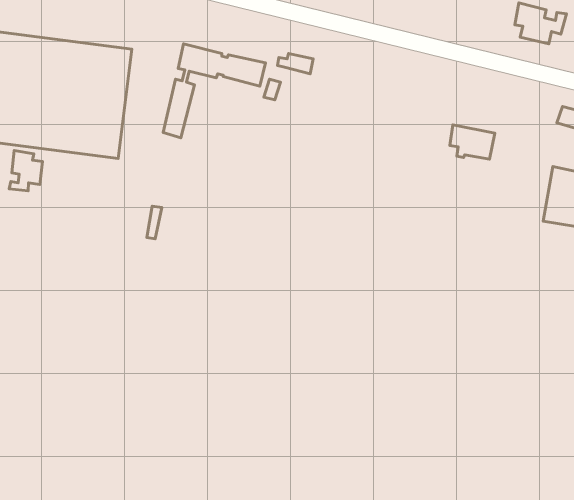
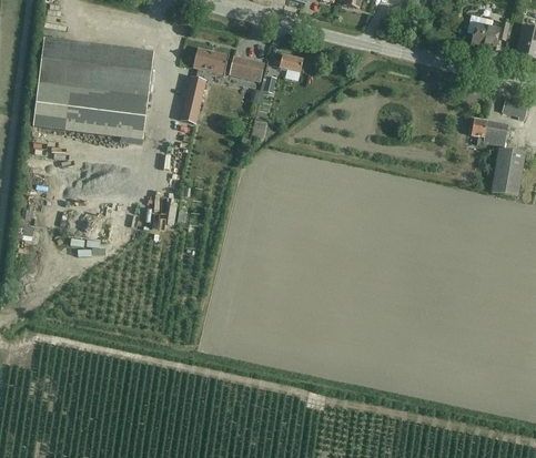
building: [450,125,495,159] -> [471,118,507,145]
building: [9,151,42,191] -> none

